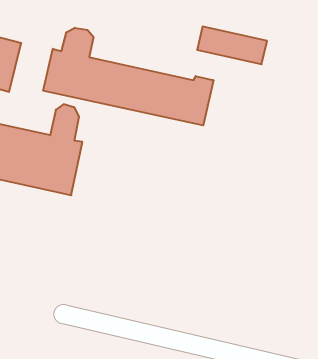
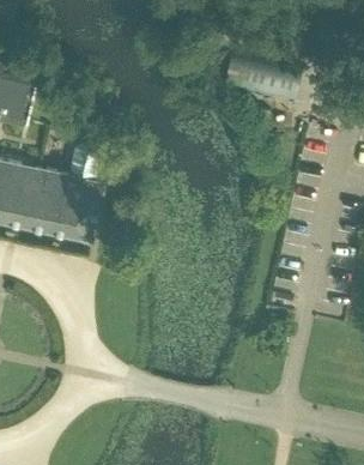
building: [43,28,213,125] -> none

